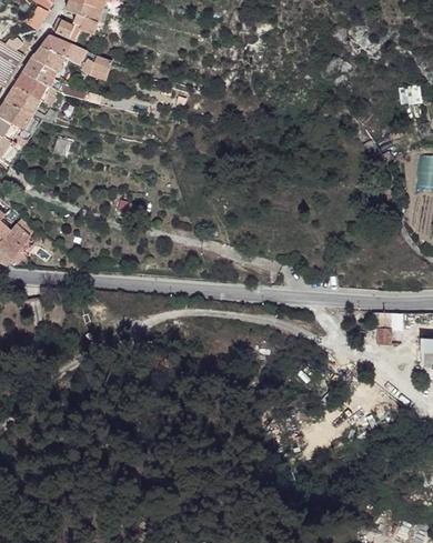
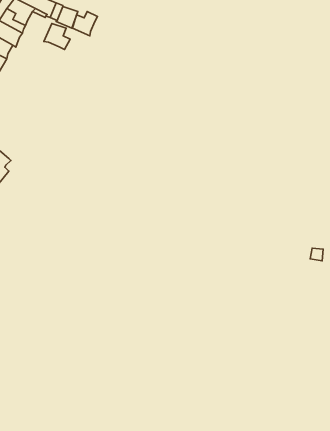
building: none -> [72,11,97,36]
building: none -> [44,23,70,50]

